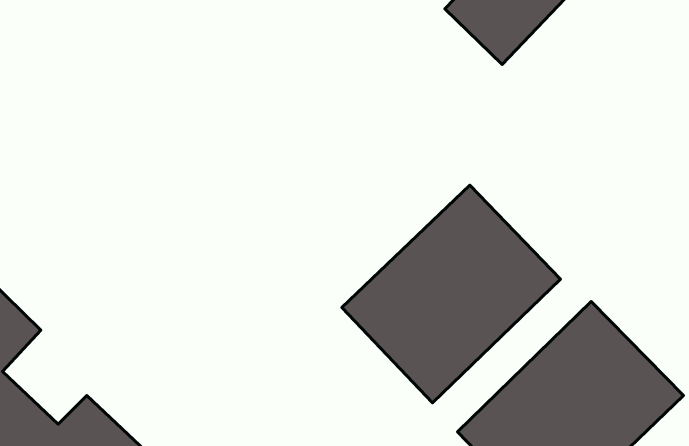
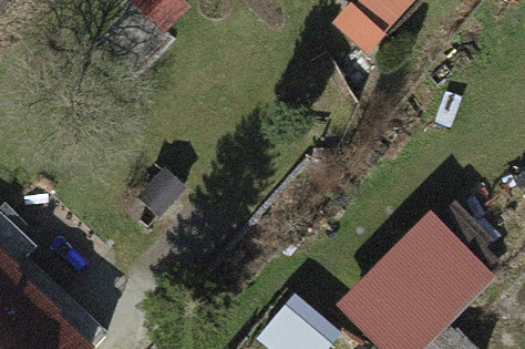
building: [342,185,560,403] -> none

